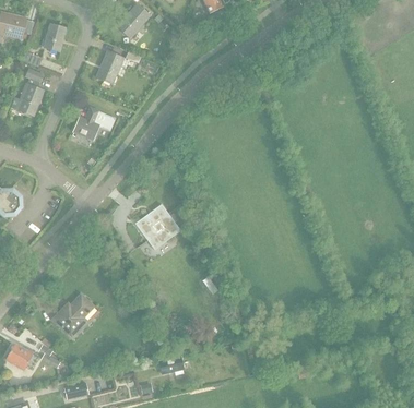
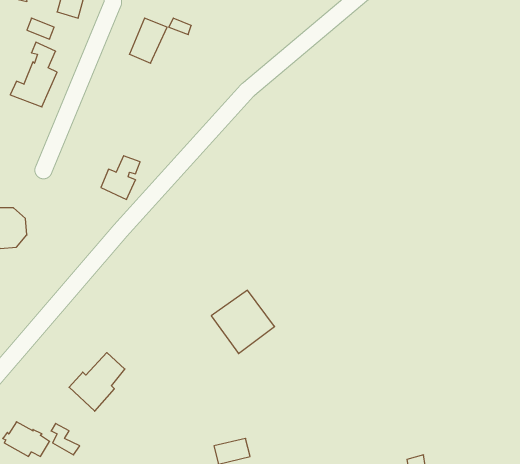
building: [72,108,100,140] -> [101,156,140,199]
building: [133,204,179,250] -> [211,290,275,354]

